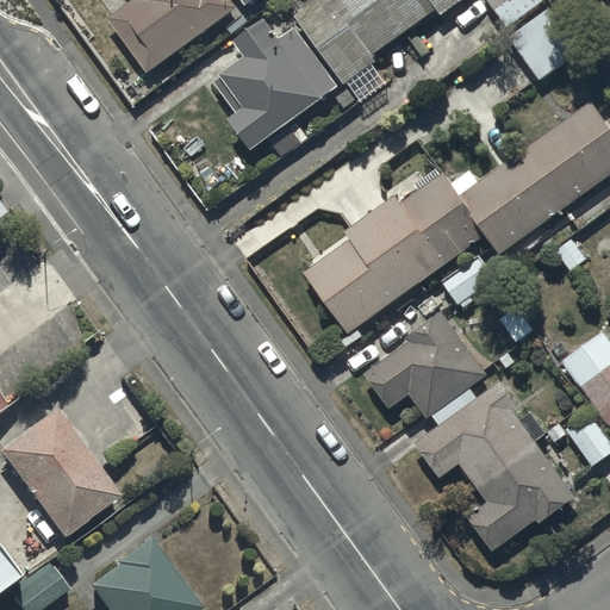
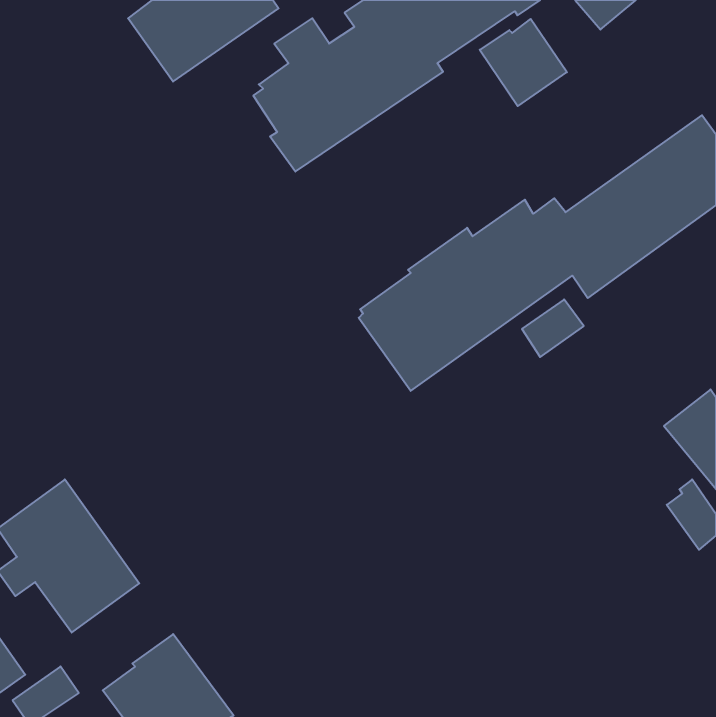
building: [508,6,581,80] -> [480,19,567,106]
building: [365,310,575,549] -> none

